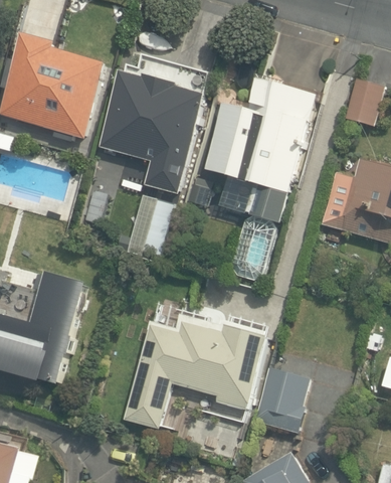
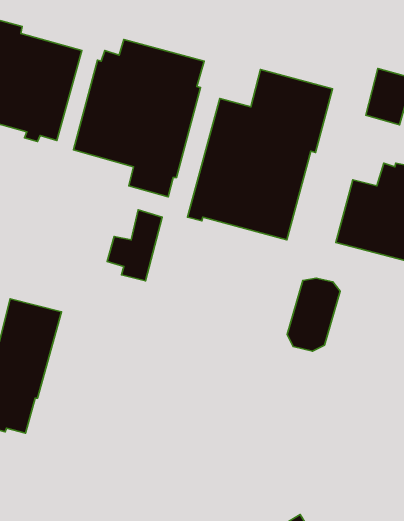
building: [230,217,274,279] -> [287,278,340,351]
building: [122,313,268,429] -> none
building: [250,366,308,434] -> none

